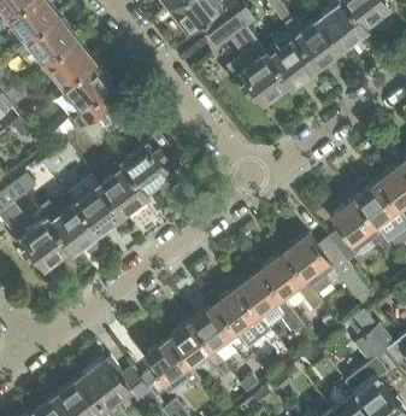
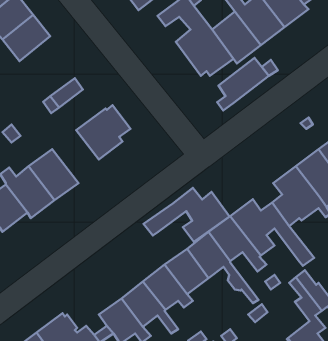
building: [60,61,111,129] -> none
building: none -> [217,58,269,110]
building: [95,162,148,218] -> none
building: none -> [144,188,230,242]

